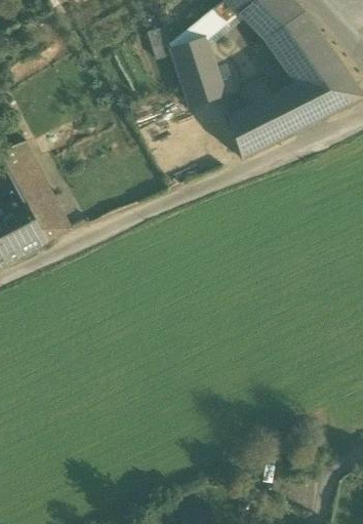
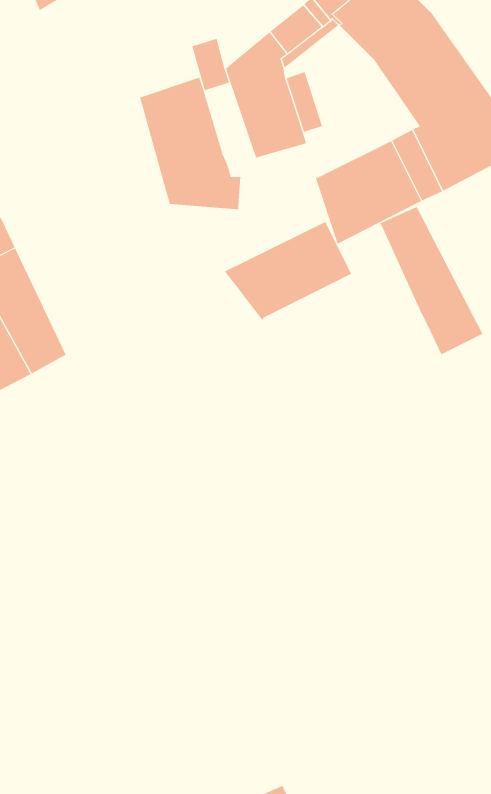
building: none -> [139,77,241,210]
building: none -> [380,206,483,355]
building: none -> [224,221,352,320]

